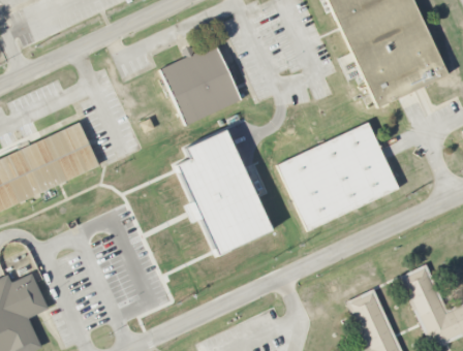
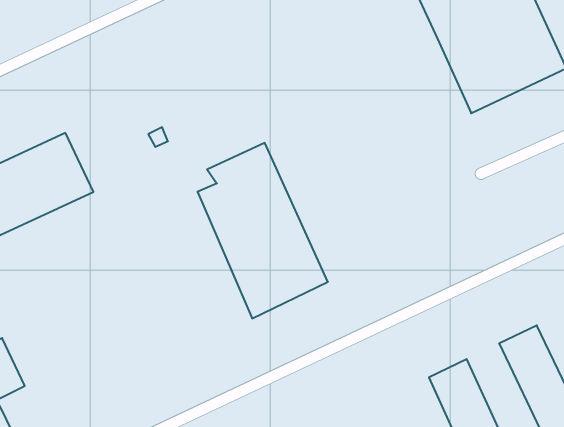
building: [159,42,241,126] -> none
building: [276,122,399,231] -> none

